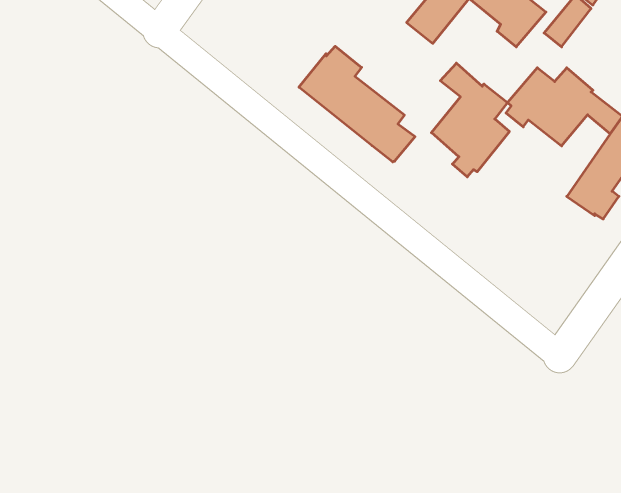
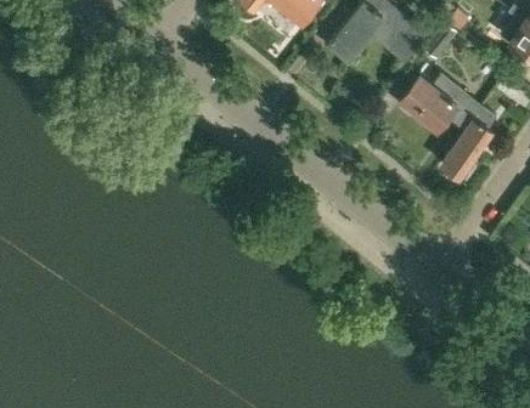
building: [299,46,415,162] -> none
building: [431,63,509,177] -> none

